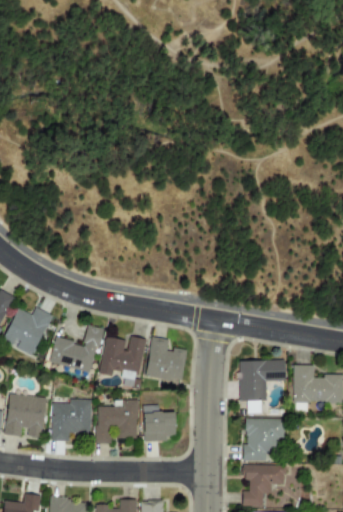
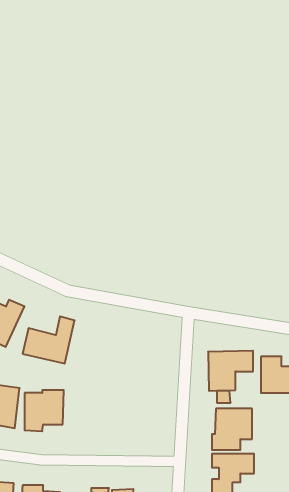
building: [99,336,144,379] -> none
building: [145,337,185,383] -> none
building: [96,400,137,444] -> none
building: [142,405,175,442] -> none

